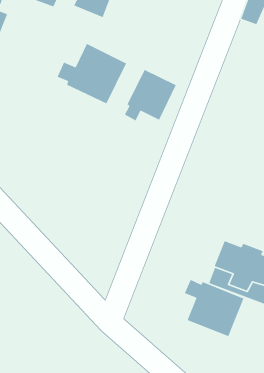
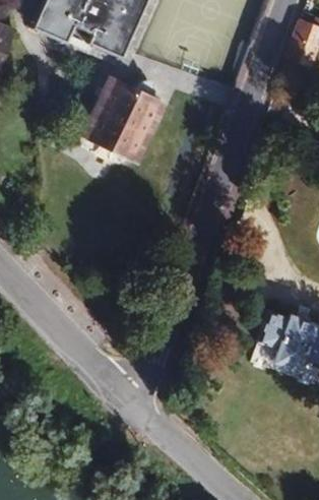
building: [124,69,177,121] -> none
building: [184,279,244,337] -> none

